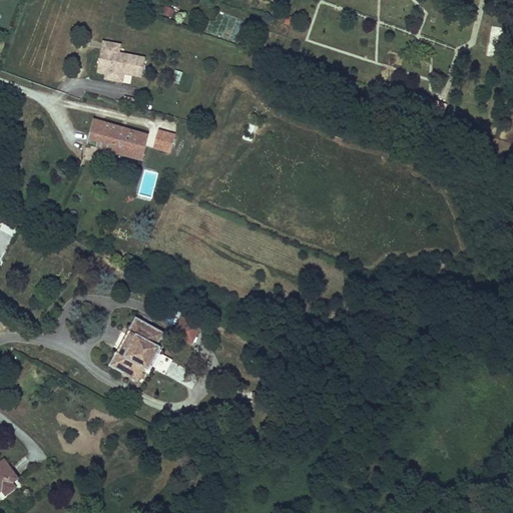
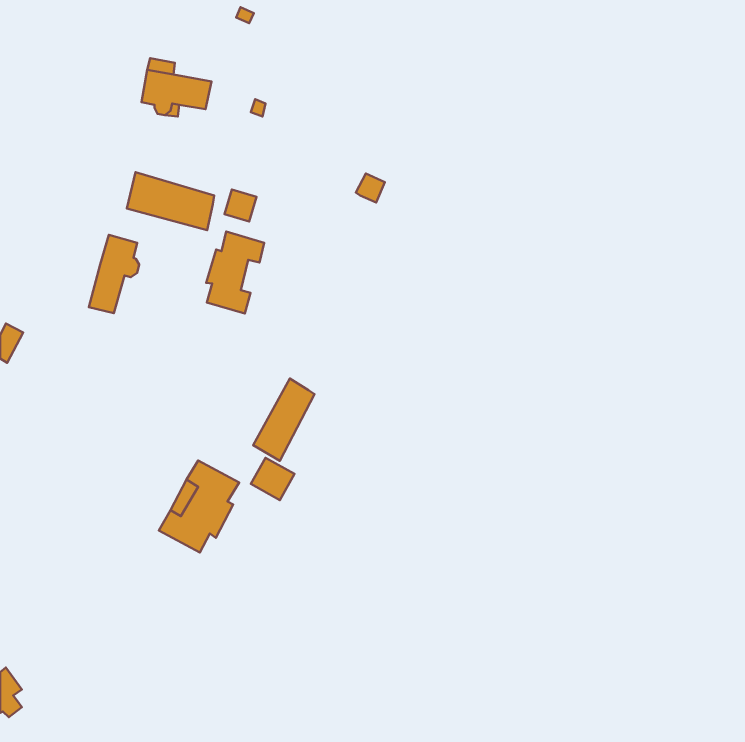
building: none -> [206,231,264,314]
building: none -> [89,235,139,313]
building: none -> [253,378,315,461]

